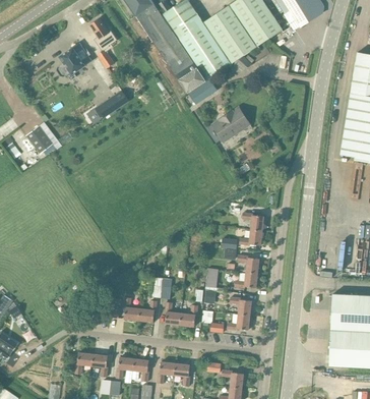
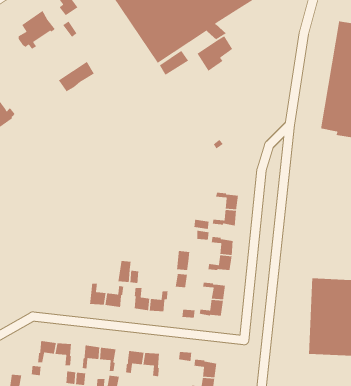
building: [211,107,246,141] -> [196,35,233,72]

